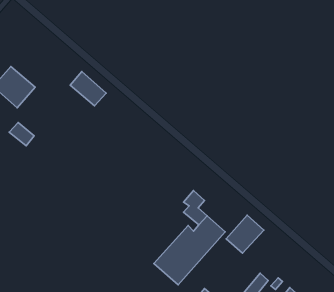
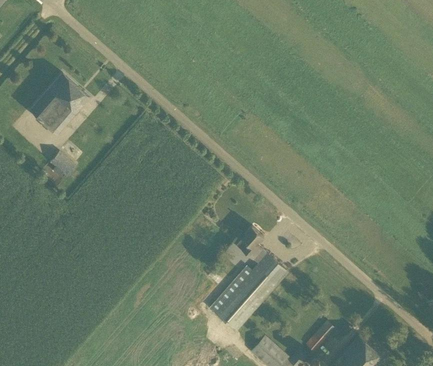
building: [70,72,106,106] -> [47,72,87,110]
building: [226,215,264,253] -> none

